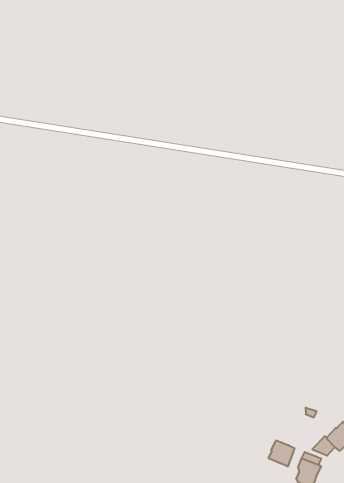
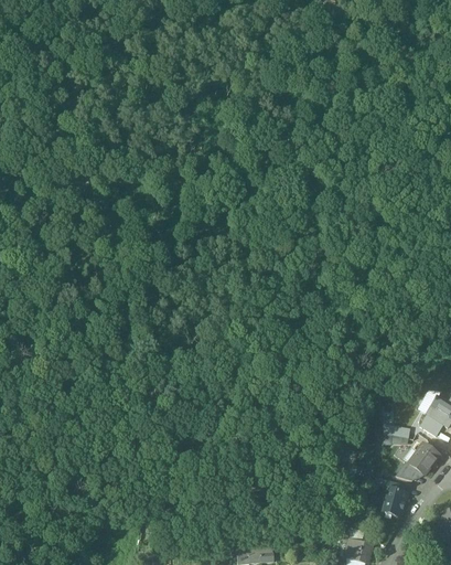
building: [269,440,294,467] -> none

